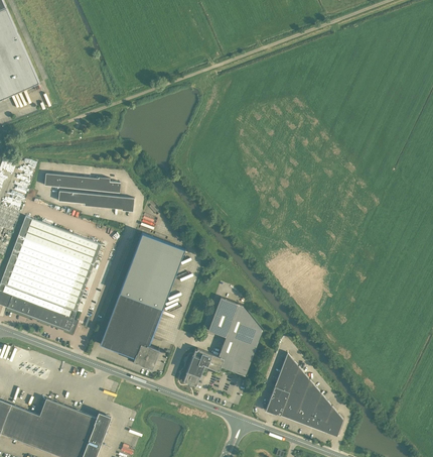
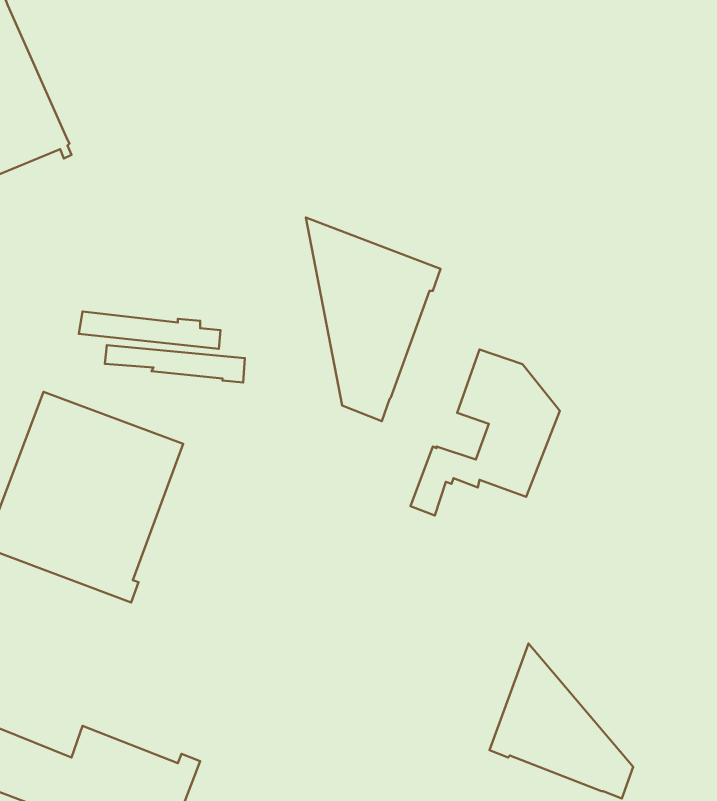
building: none -> [306,217,440,421]
building: [99,233,183,366] -> none
building: [182,297,263,386] -> [411,349,560,515]

